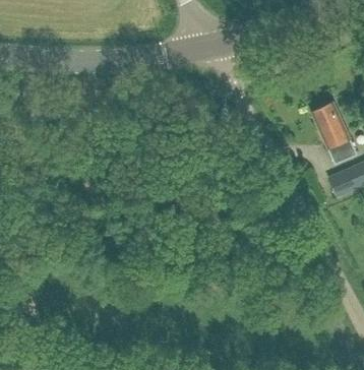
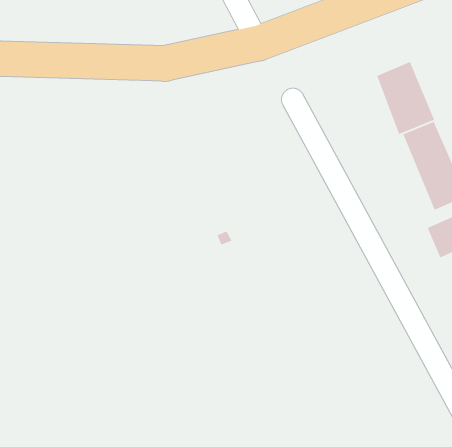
building: none -> [376,61,435,135]

